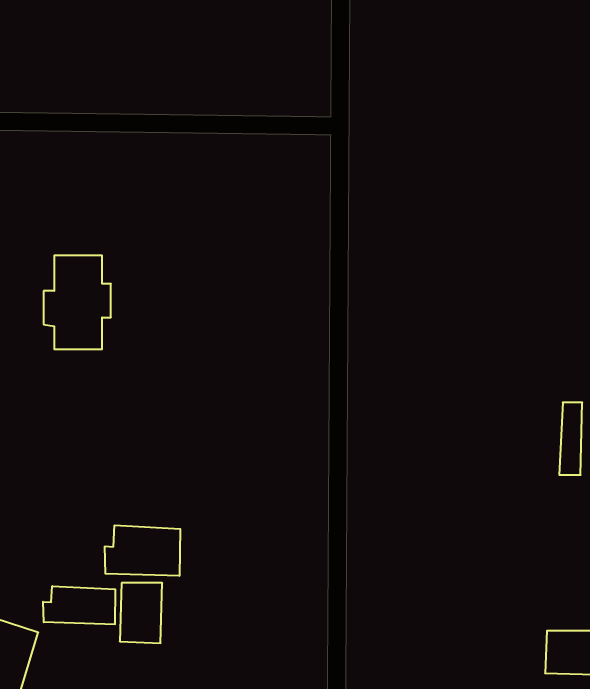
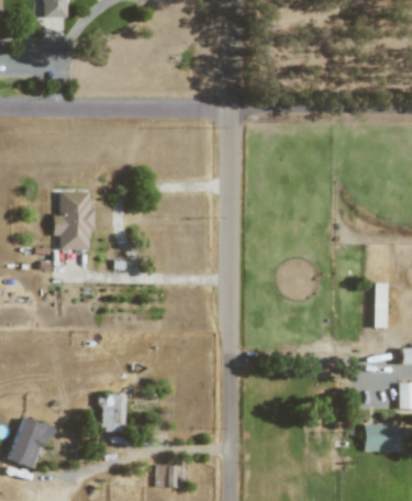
building: [105,525,180,576] -> none
building: [43,586,115,624] -> none

